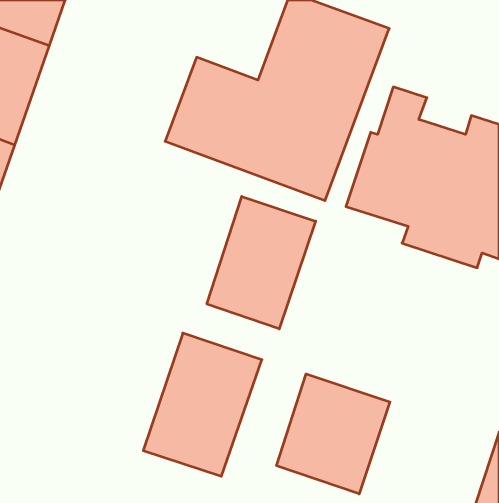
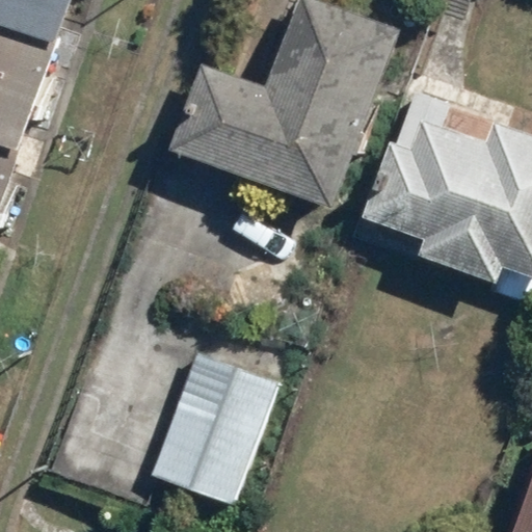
building: [207,196,316,329] -> none
building: [277,374,390,494] -> none

